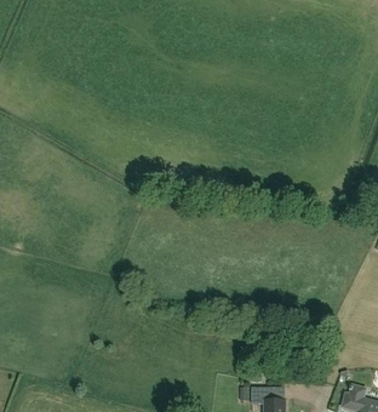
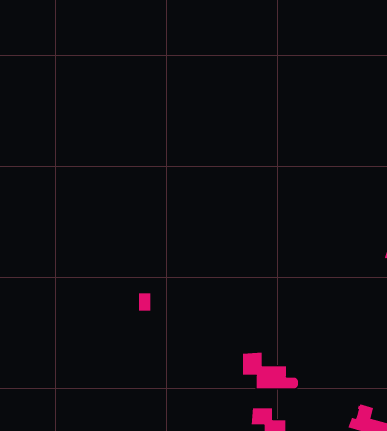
building: none -> [243,352,299,389]

